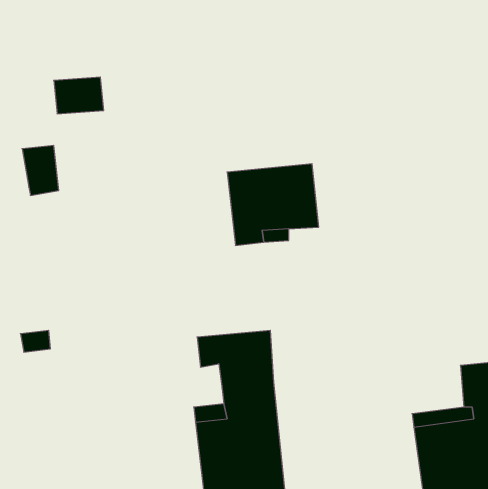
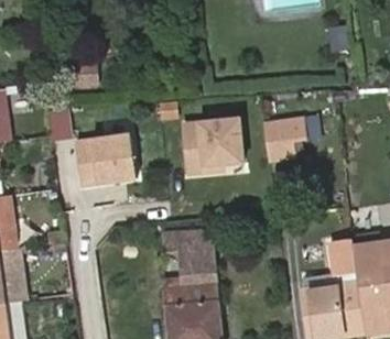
building: none -> [268,119,307,160]
building: none -> [75,134,137,184]

